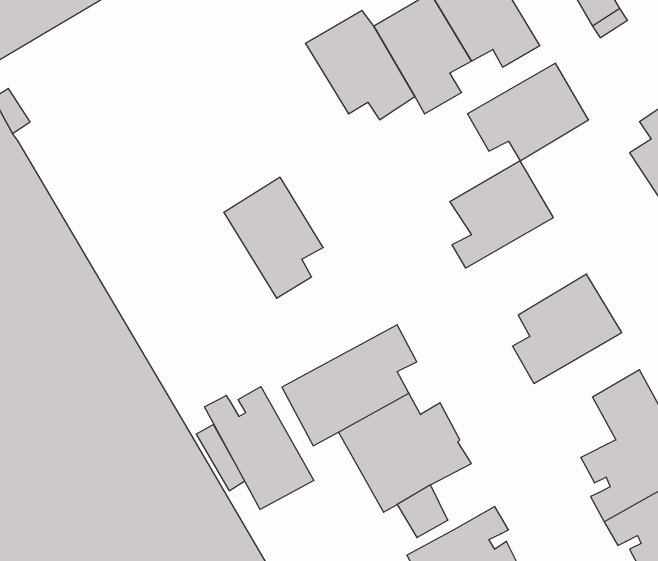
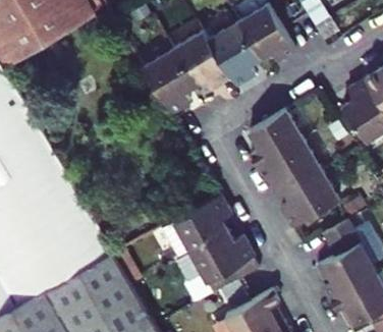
building: [467,63,589,161] -> [257,140,320,190]
building: [224,177,323,298] -> [144,49,196,112]
building: [205,387,314,509] -> none

